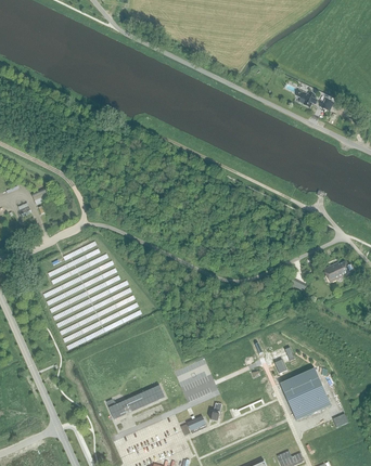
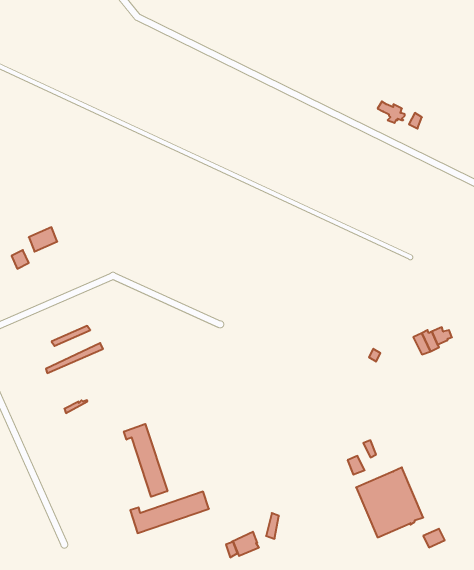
building: none -> [124,424,167,497]

